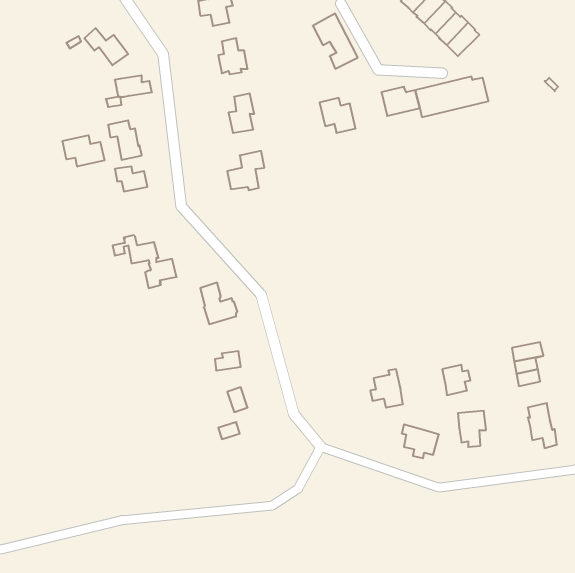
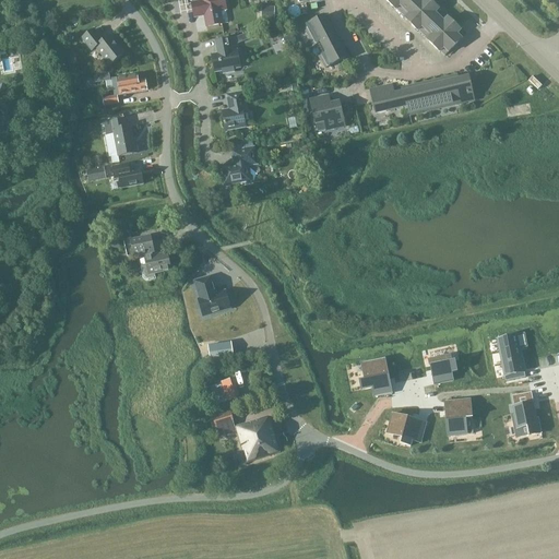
building: [63,135,104,167] -> none
building: none -> [234,416,278,461]

